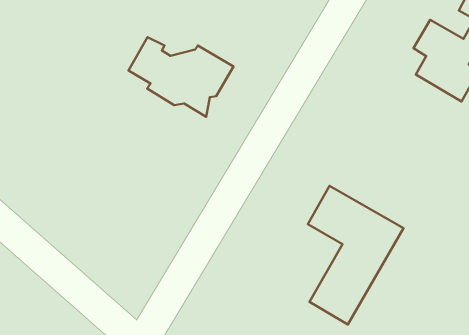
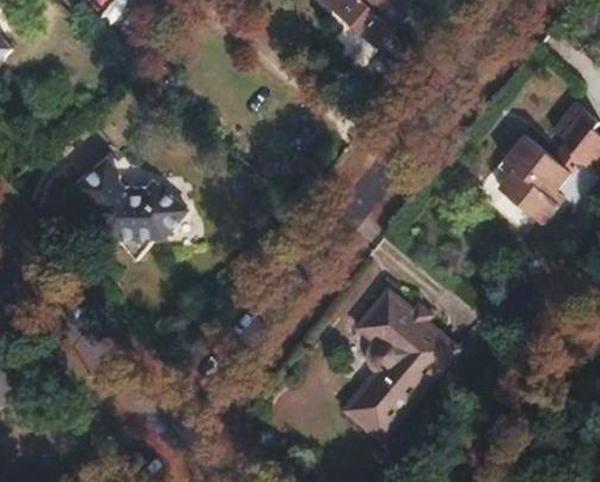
building: [128,37,234,117] -> [73,161,186,257]

